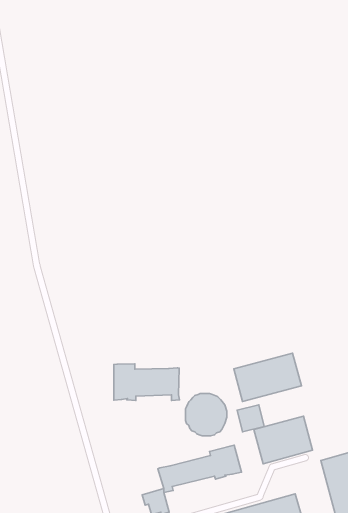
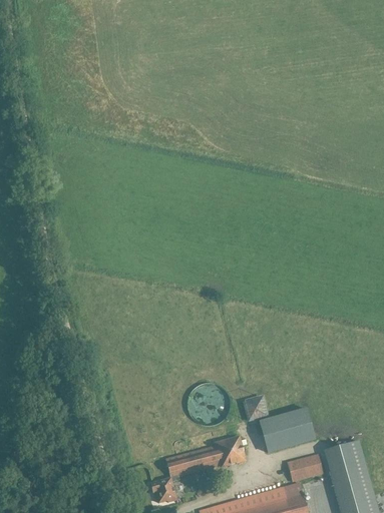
building: [234,353,301,402] -> none
building: [114,364,179,400] -> none
building: none -> [287,455,323,482]

